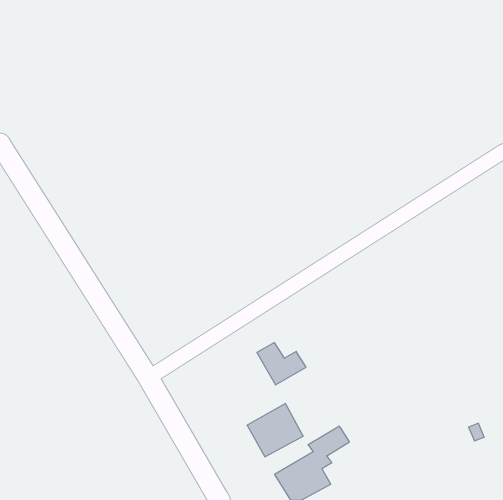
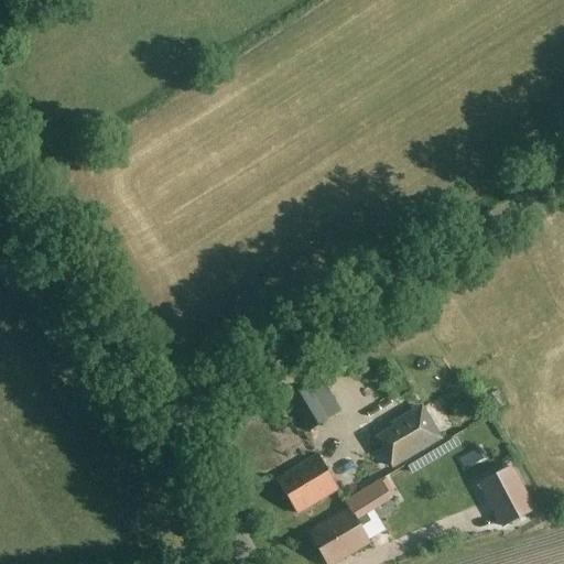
building: none -> [380,415,442,465]
building: none -> [479,464,534,524]

